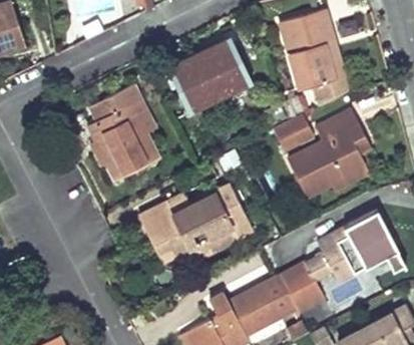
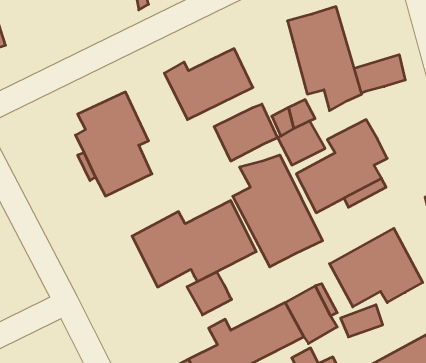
building: none -> [354,55,405,93]
building: none -> [214,104,278,161]
building: none -> [233,155,323,267]
building: none -> [187,272,232,315]

